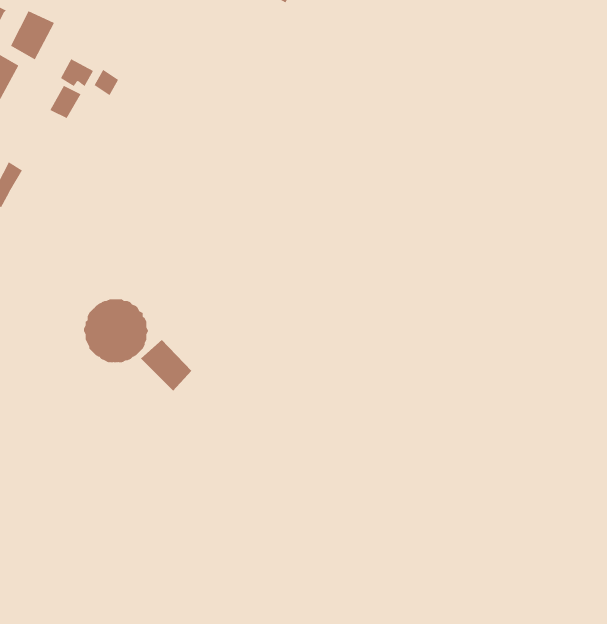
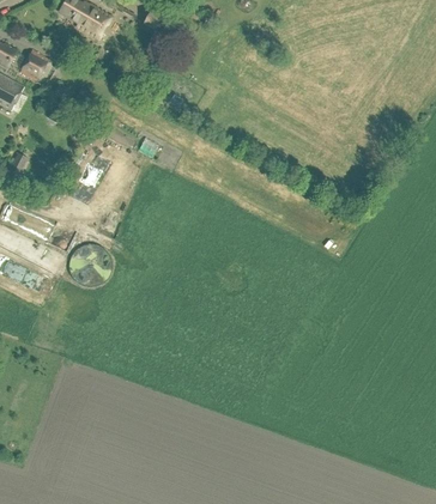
building: [140,339,192,391] -> none

